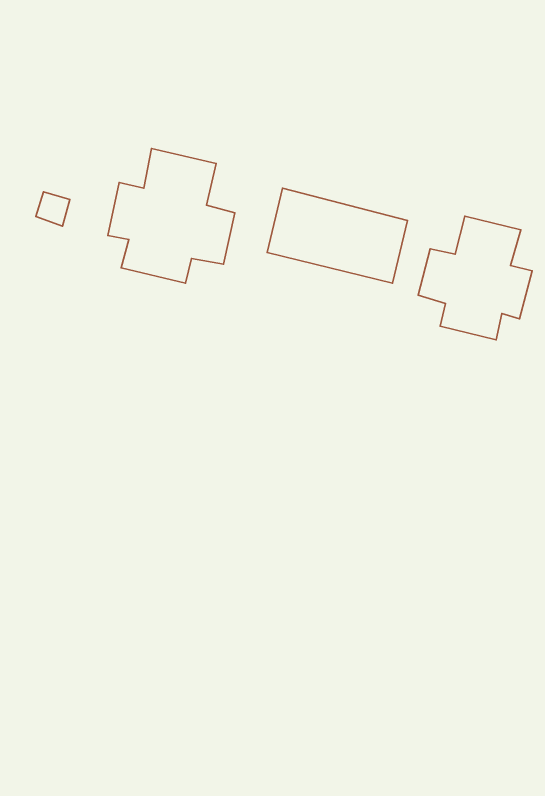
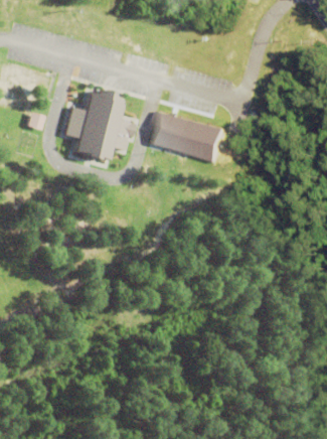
building: [418,216,532,340] -> none

